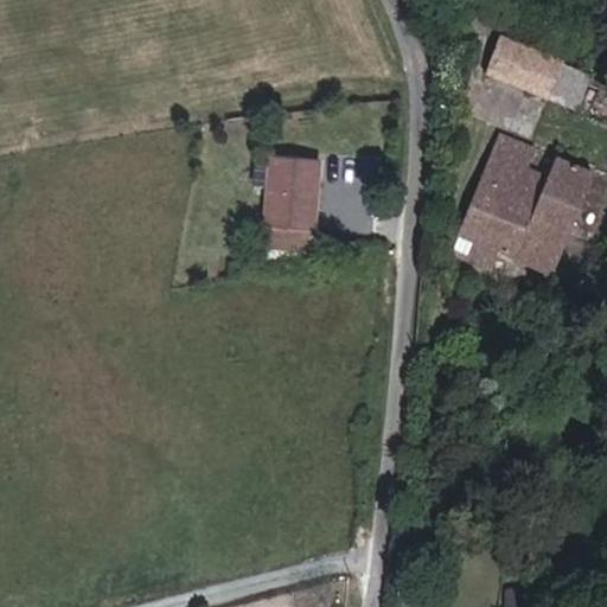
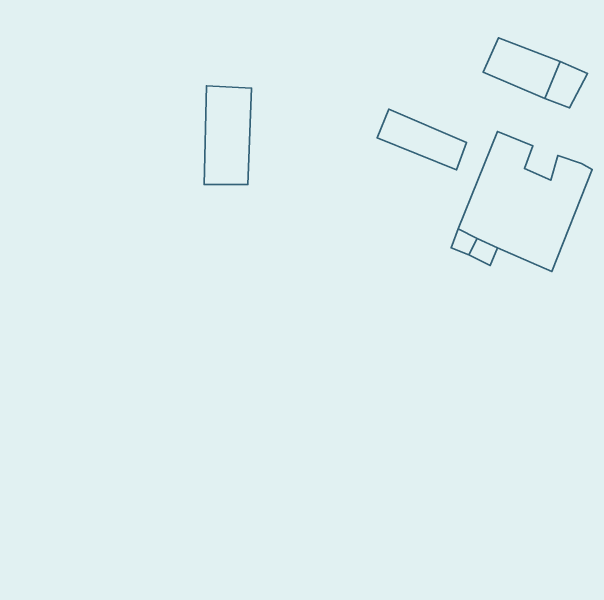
building: none -> [377,109,467,170]
building: [268,162,315,261] -> [204,86,252,184]

